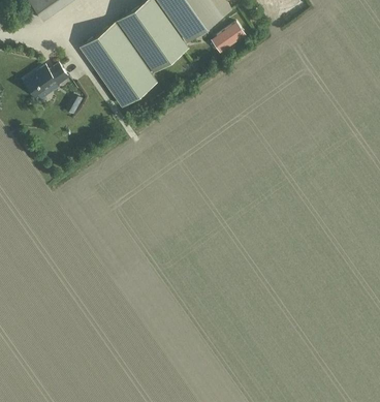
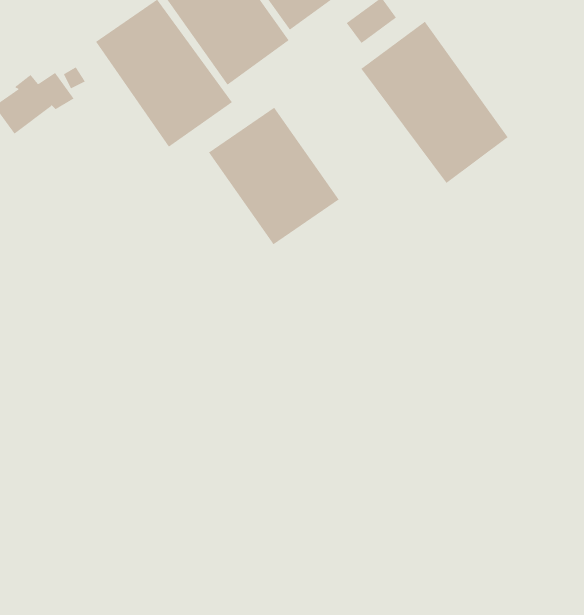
building: none -> [360,21,509,184]
building: none -> [208,107,339,245]

